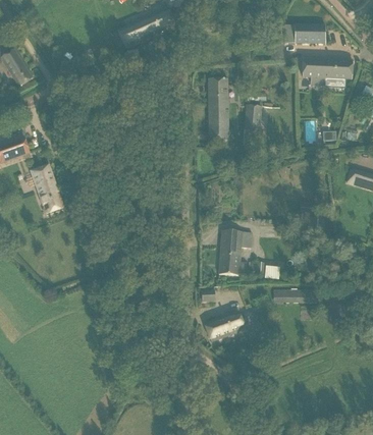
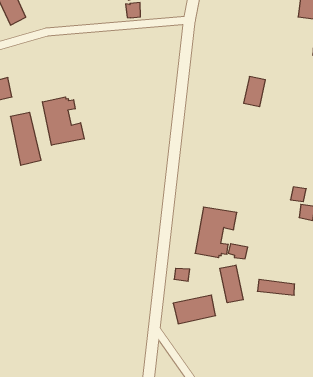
building: [208,79,228,142] -> none
building: none -> [42,97,84,145]
building: none -> [220,265,243,303]

